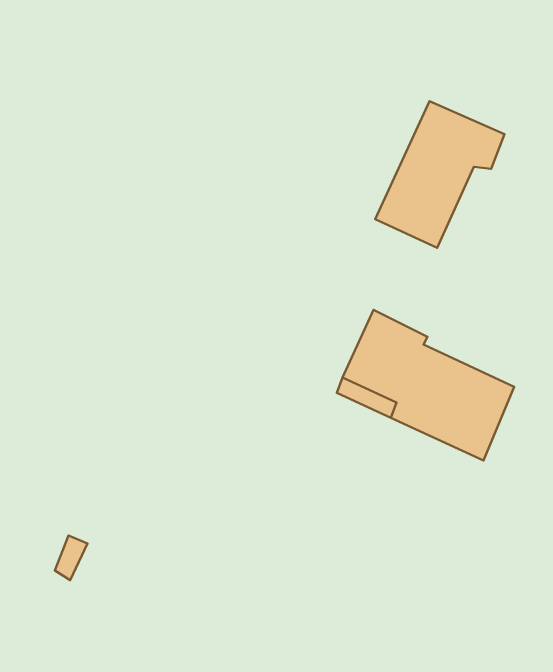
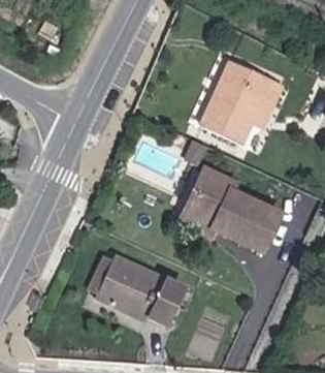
building: none -> [93,254,181,324]

